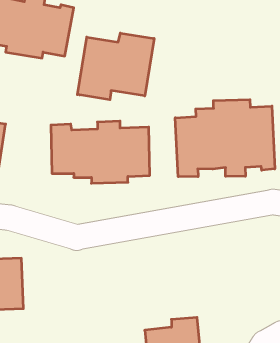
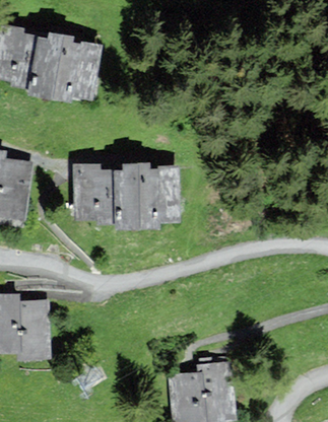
building: [77,33,154,100] -> none
building: [175,100,275,177] -> none

